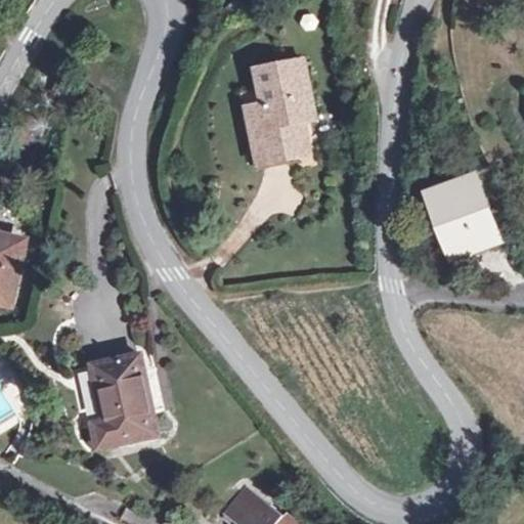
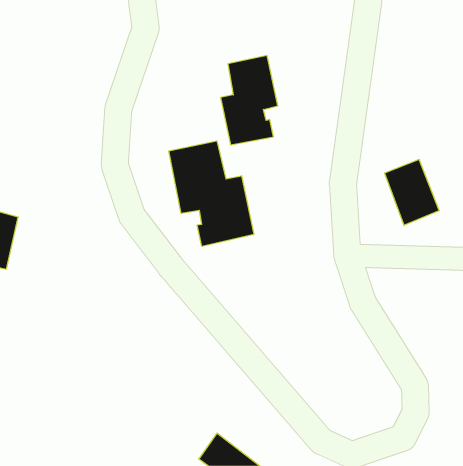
building: none -> [169,141,254,246]
building: [92,356,156,448] -> none

